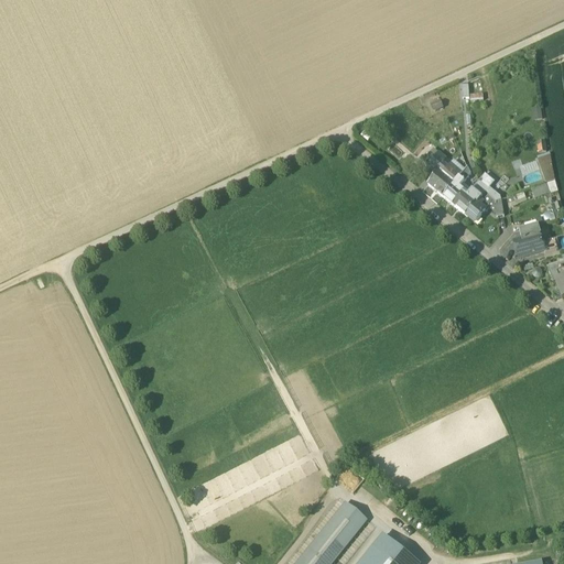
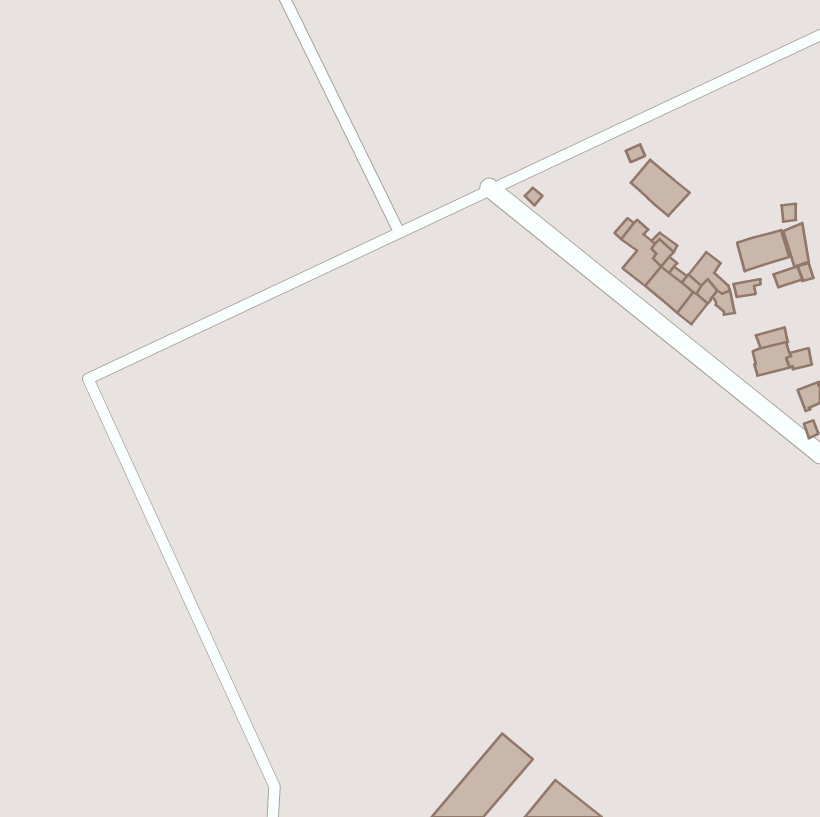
building: none -> [631,160,690,216]
building: none -> [737,230,789,271]

